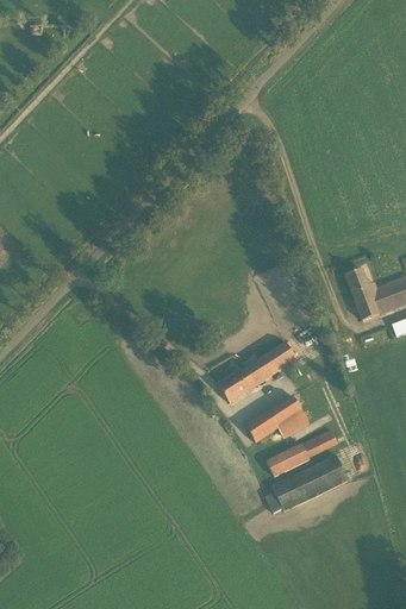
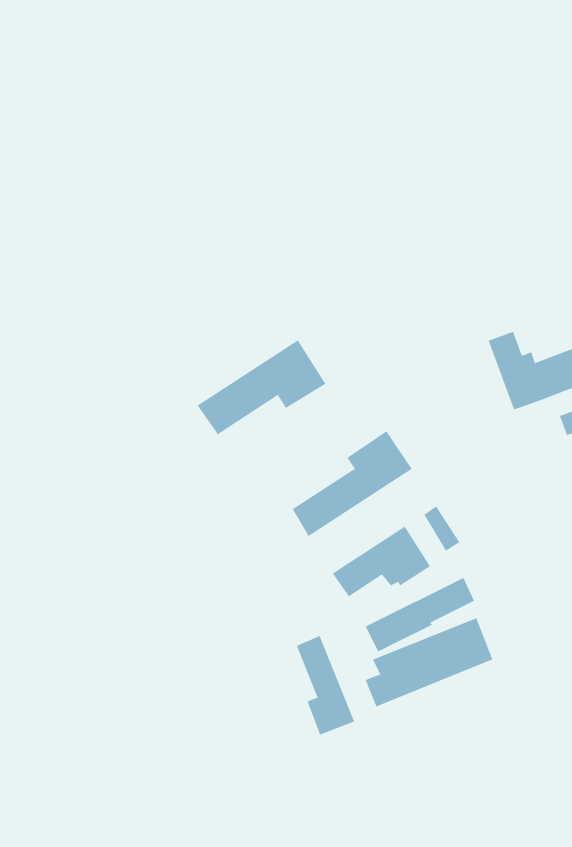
building: none -> [197,339,326,435]
building: none -> [296,635,355,736]

